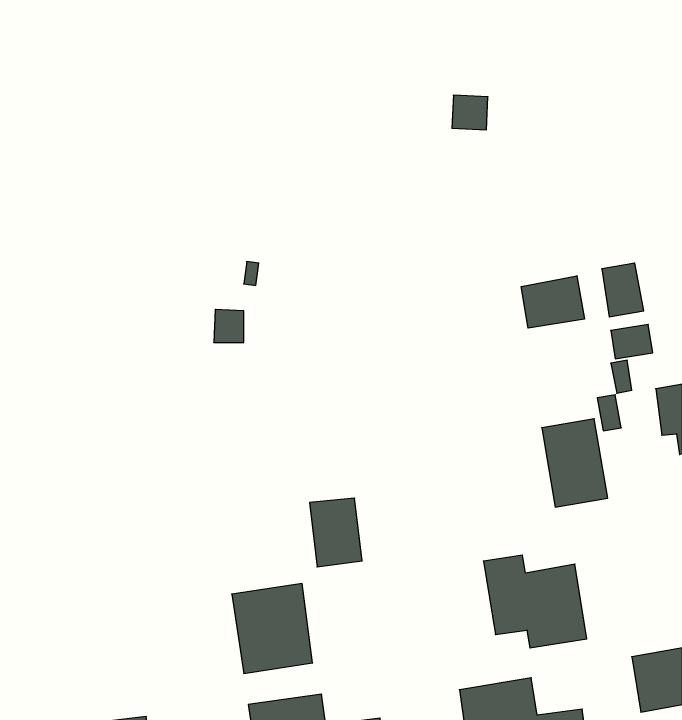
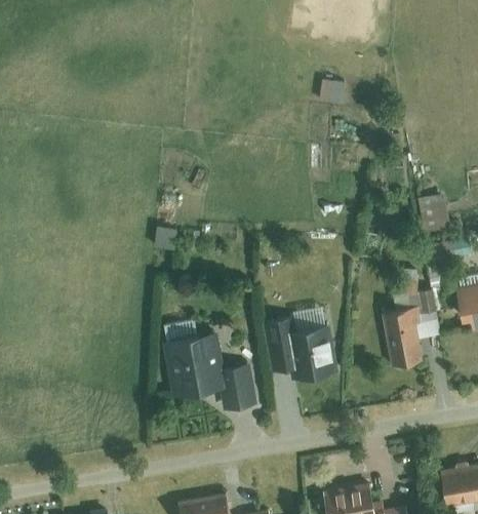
building: [521,276,584,328] -> none
building: [483,555,587,648] -> [267,315,337,379]
building: [232,584,313,673] -> [166,332,222,394]

